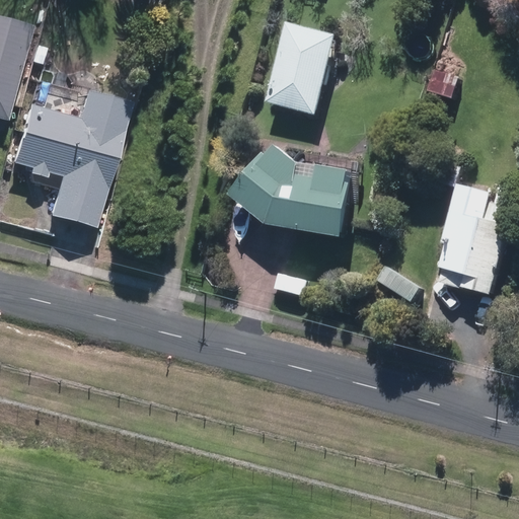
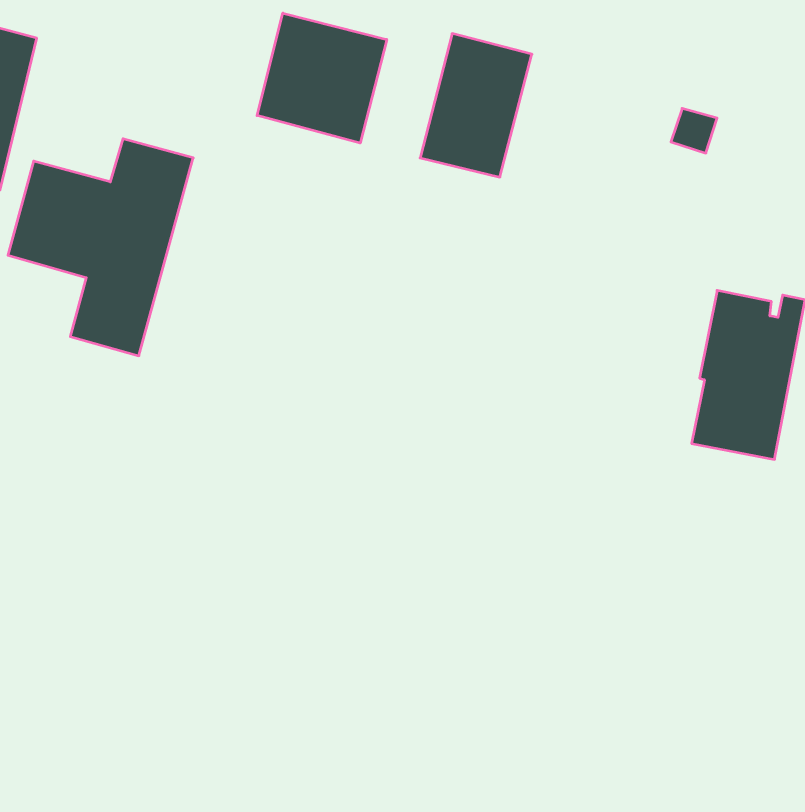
building: none -> [257,13,387,143]
building: [237,147,354,235] -> none

